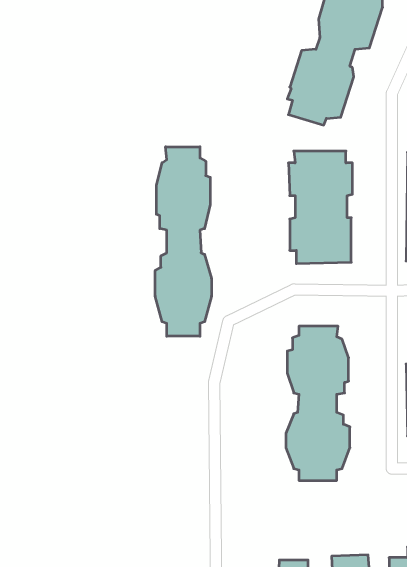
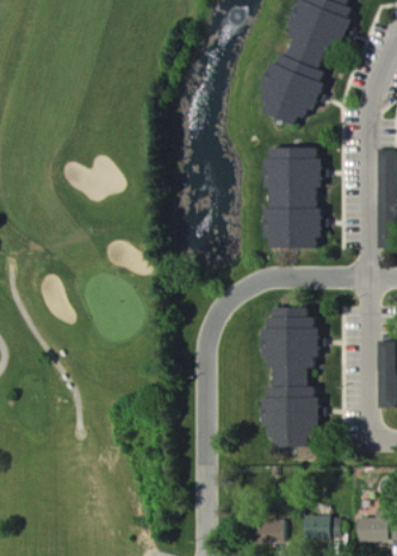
building: [155,147,211,336] -> none

